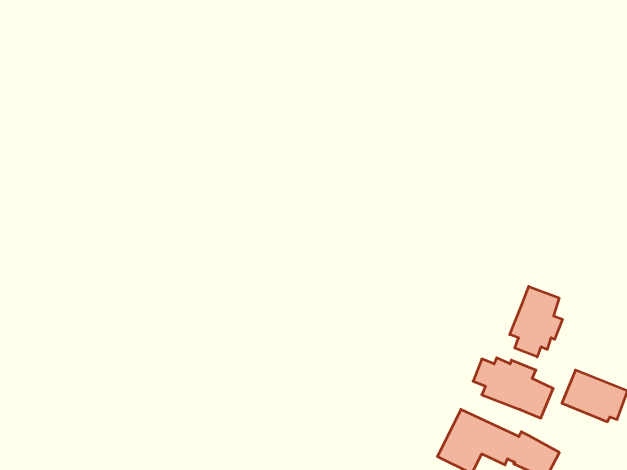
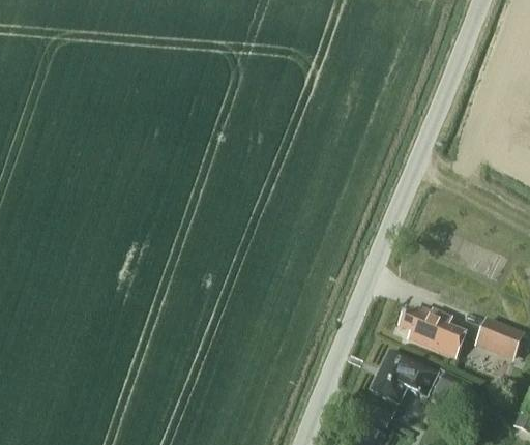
building: [510,286,562,357] -> none

